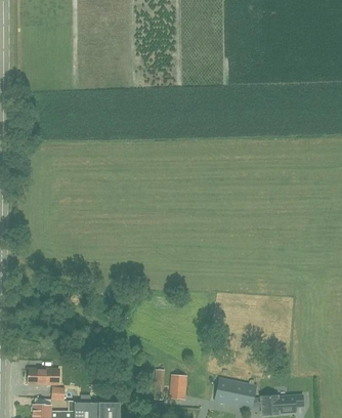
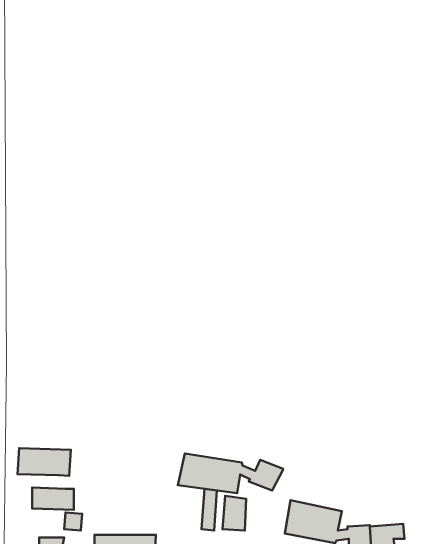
building: none -> [17,448,71,476]
building: none -> [178,454,283,493]

